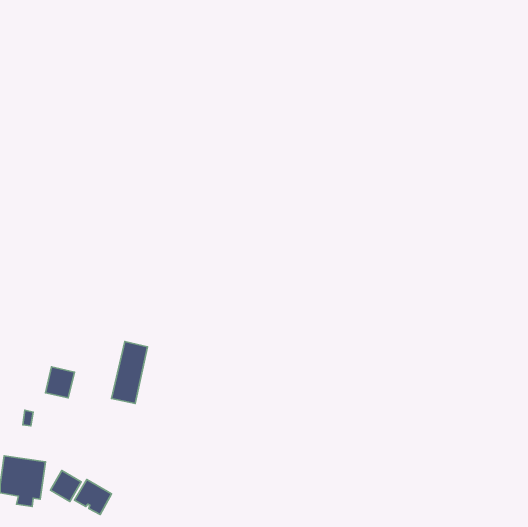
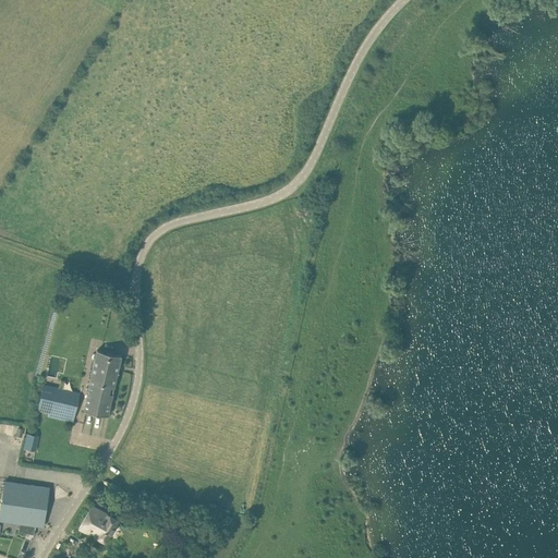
building: [111,342,148,404] -> [83,351,121,416]
building: [50,470,81,502] -> none

